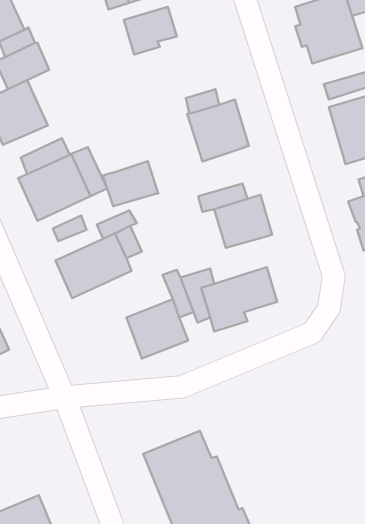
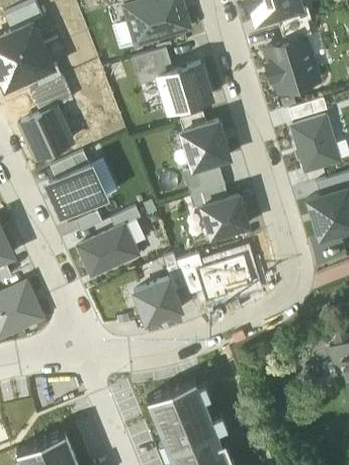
building: none -> [158,64,211,111]
building: [103,161,158,206] -> [182,162,226,197]

